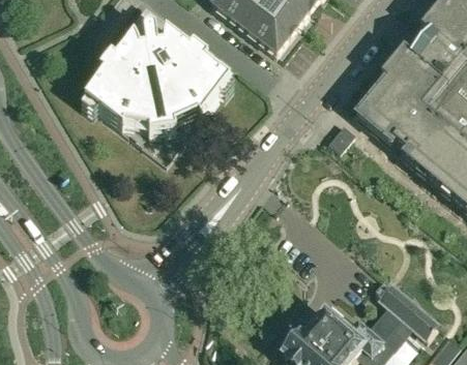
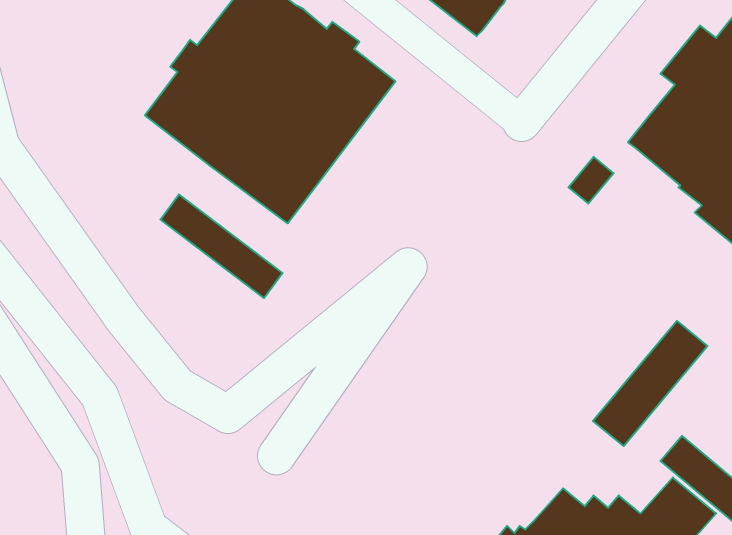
building: none -> [160,194,283,298]
building: none -> [593,321,707,446]

